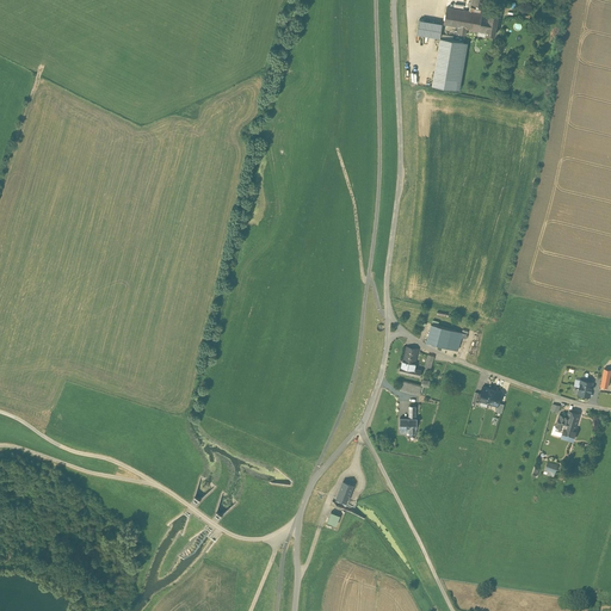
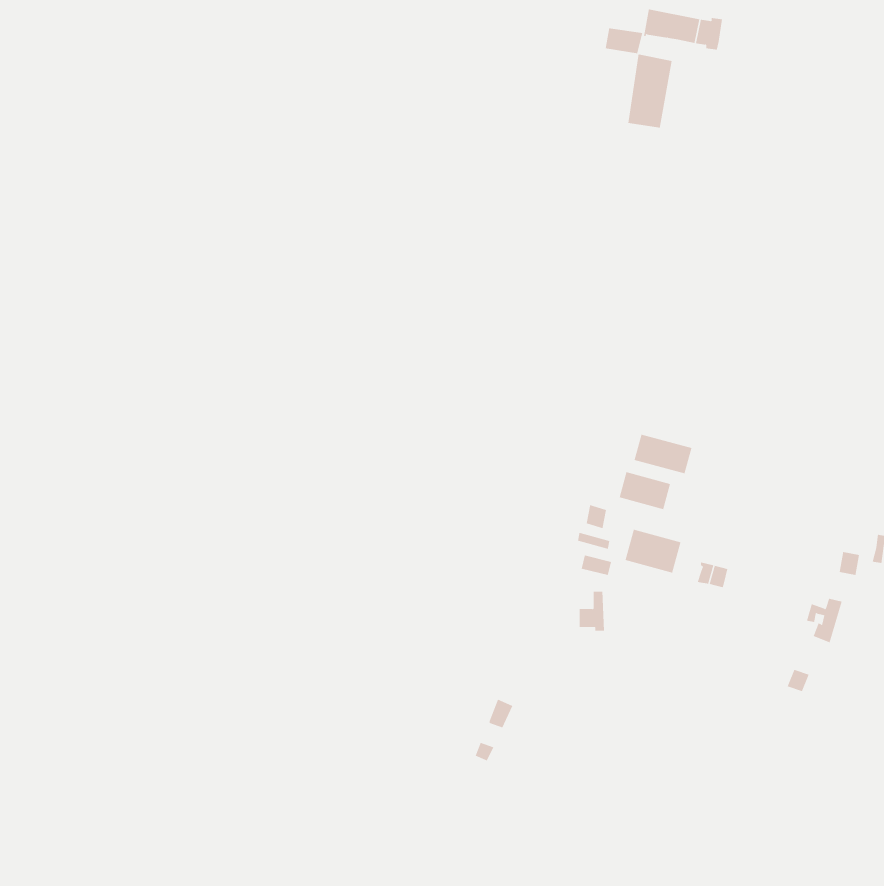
building: none -> [634,434,692,474]
building: none -> [625,529,681,573]

